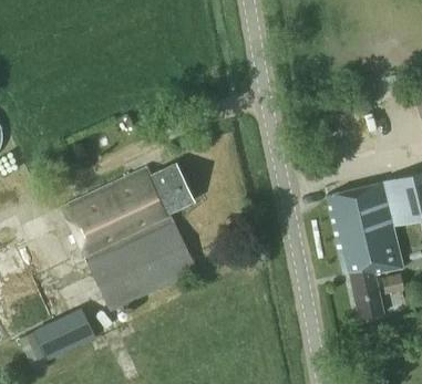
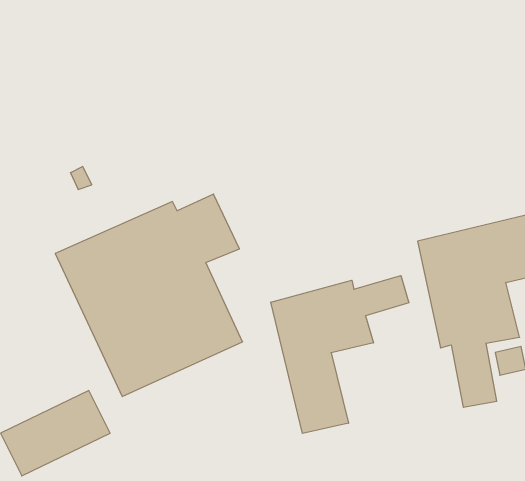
building: none -> [271,276,409,433]

